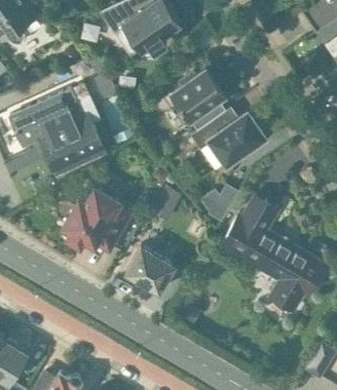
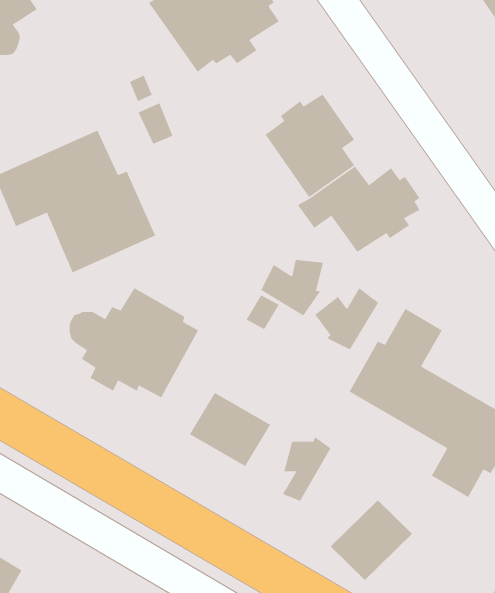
building: none -> [260,259,324,317]
building: none -> [282,436,331,502]
building: none -> [330,500,413,581]

